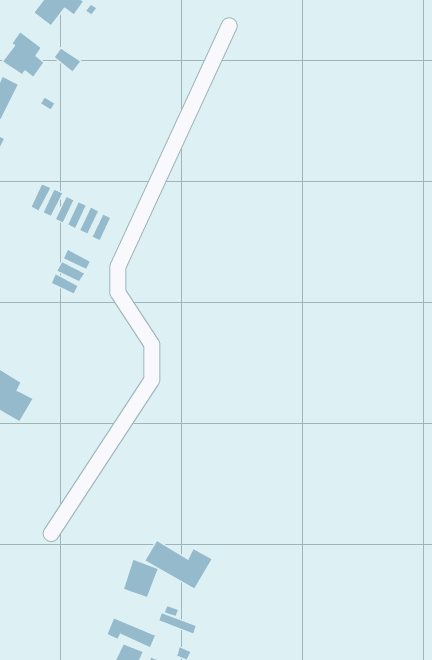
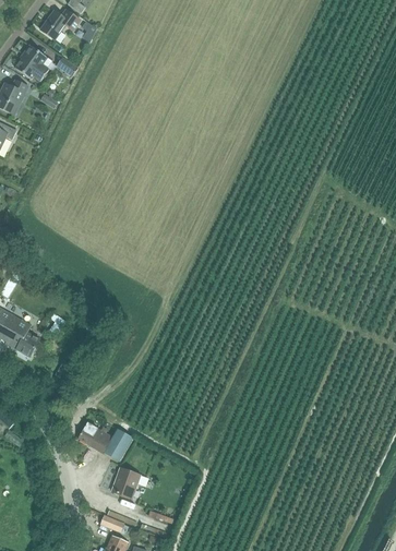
building: [144,540,212,589] -> [77,422,132,462]

